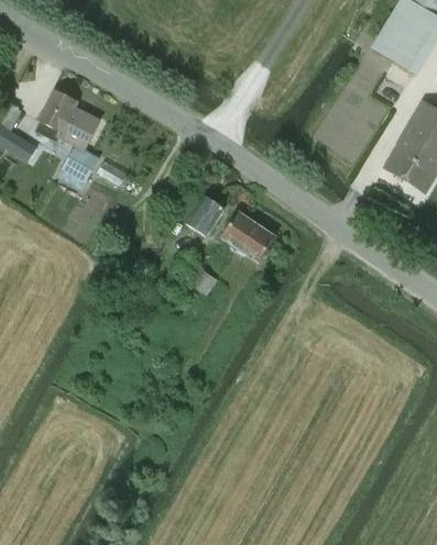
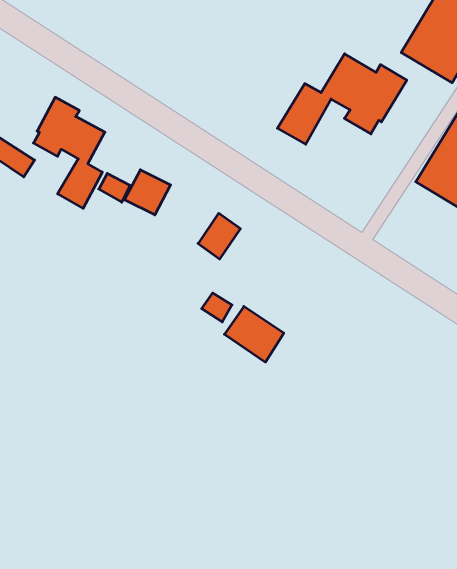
building: none -> [277,54,407,144]
building: none -> [124,170,171,215]
building: [221,211,275,262] -> [224,306,284,362]

